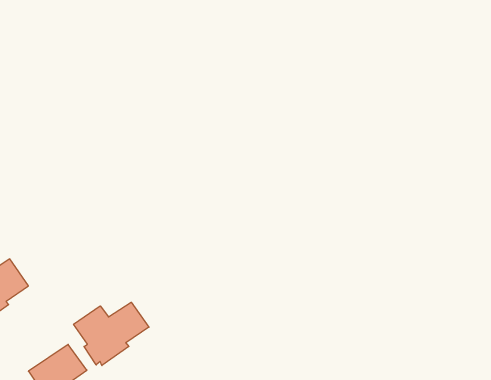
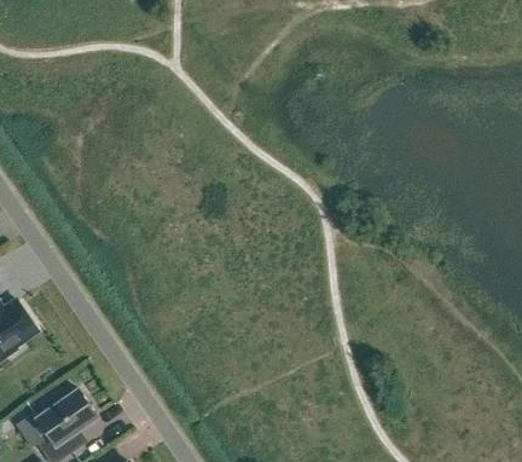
building: [74,302,149,366] -> none

